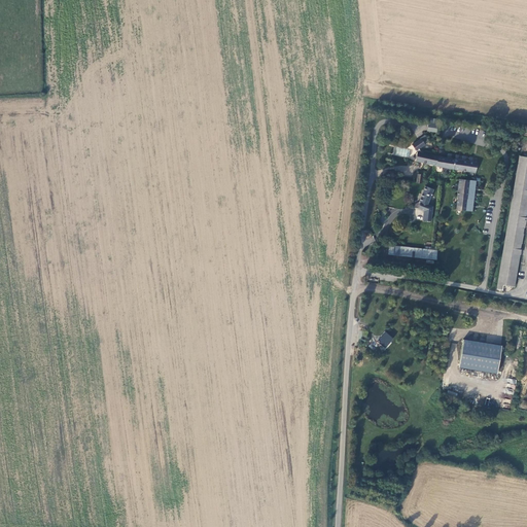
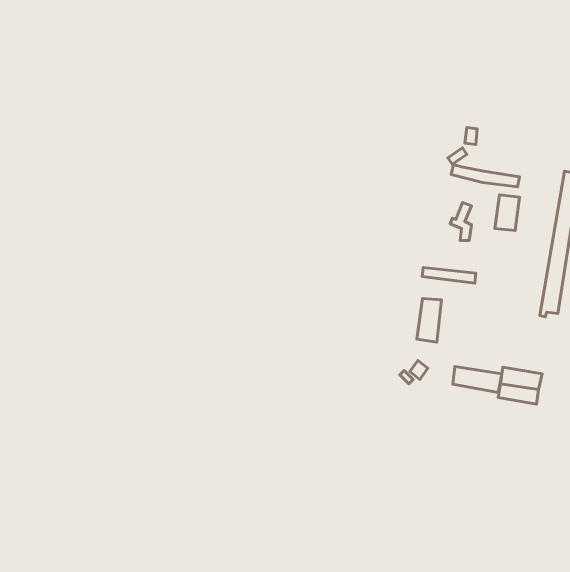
building: none -> [417,298,442,342]
building: none -> [453,367,502,392]

